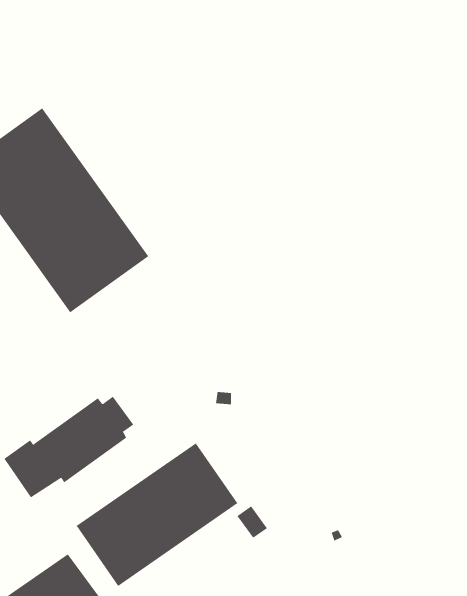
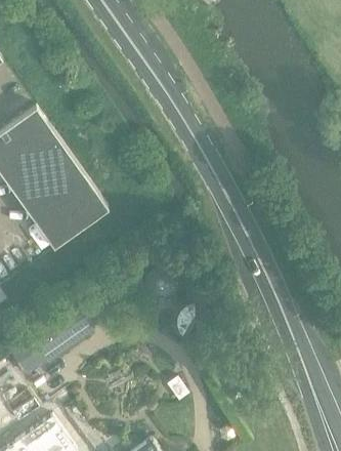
building: [76,442,238,587] -> none

